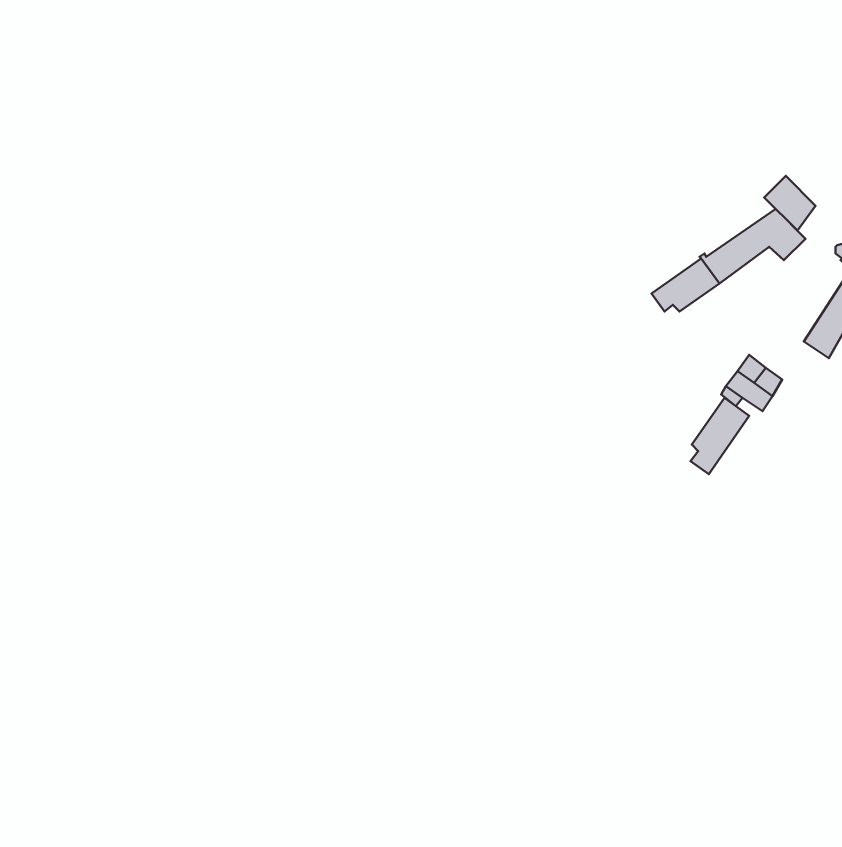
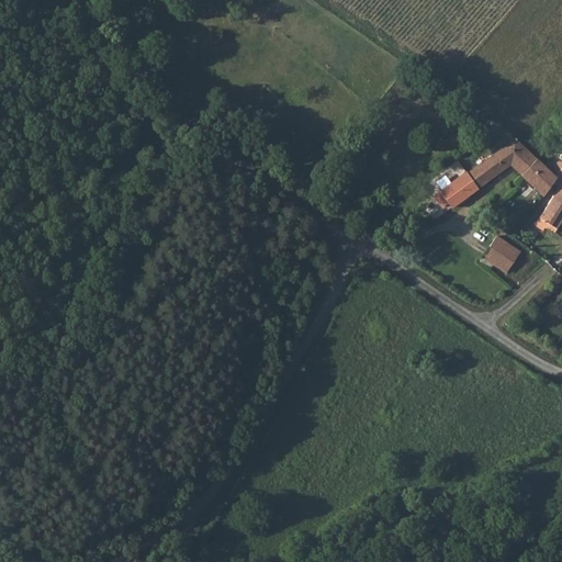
building: [764,176,816,231] -> [522,158,557,194]
building: [691,398,749,474] -> none

